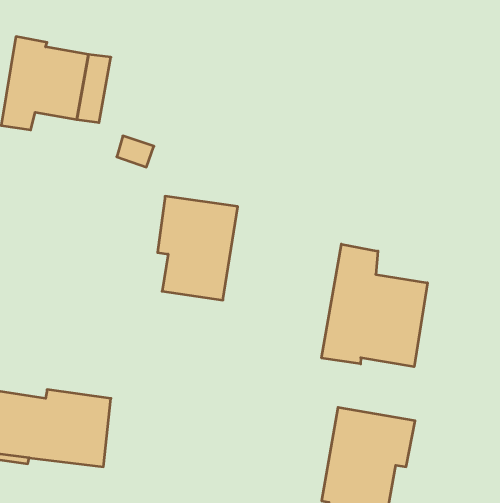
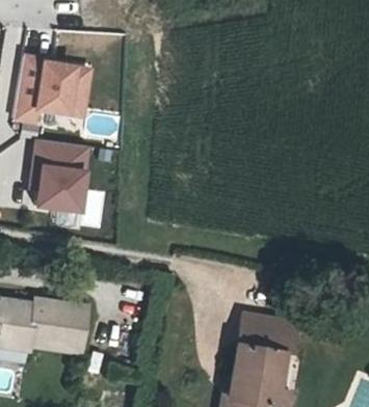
building: [158,196,238,300] -> [29,136,85,209]
building: [322,244,427,367] -> none

